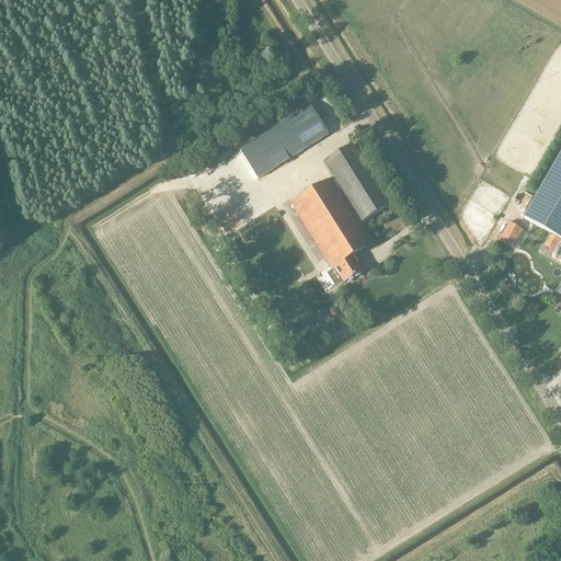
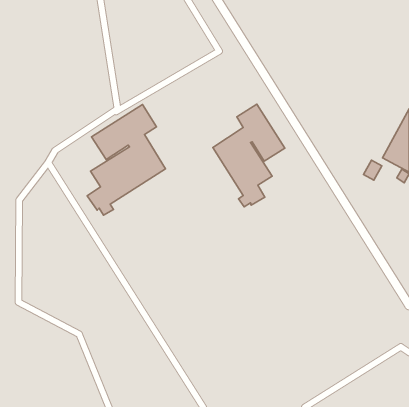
building: [239,103,329,176] -> none
building: none -> [87,105,166,215]

